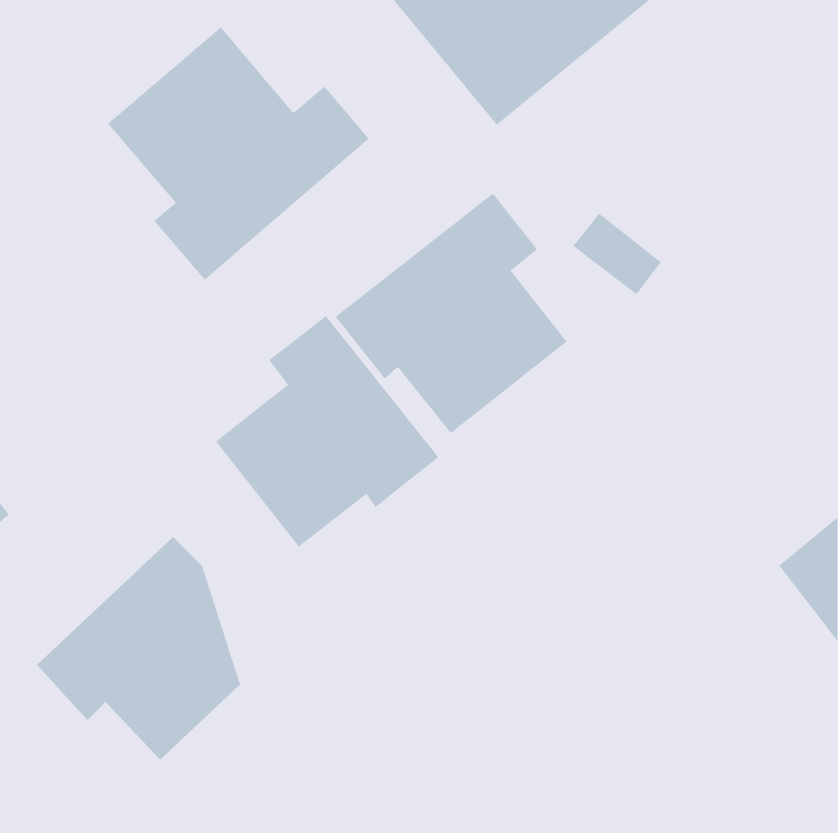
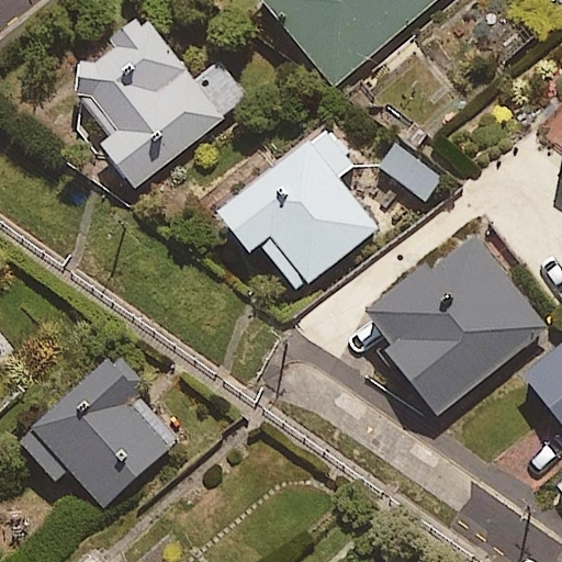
building: [215,315,439,547] -> none
building: none -> [367,240,540,418]

